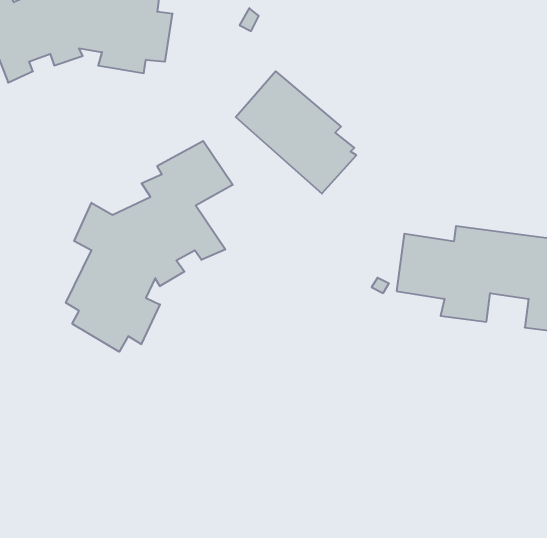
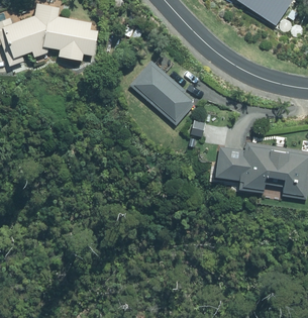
building: [66,141,233,352] -> none

